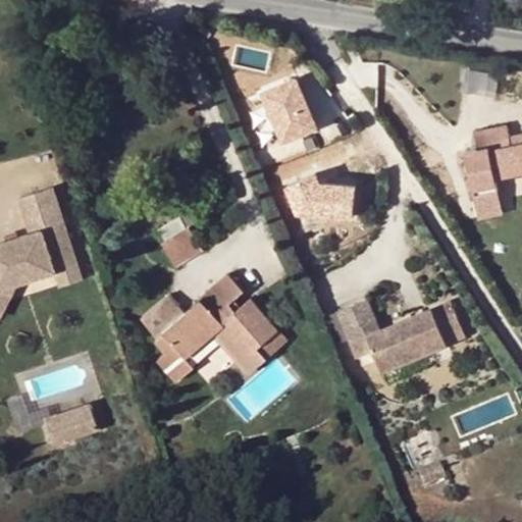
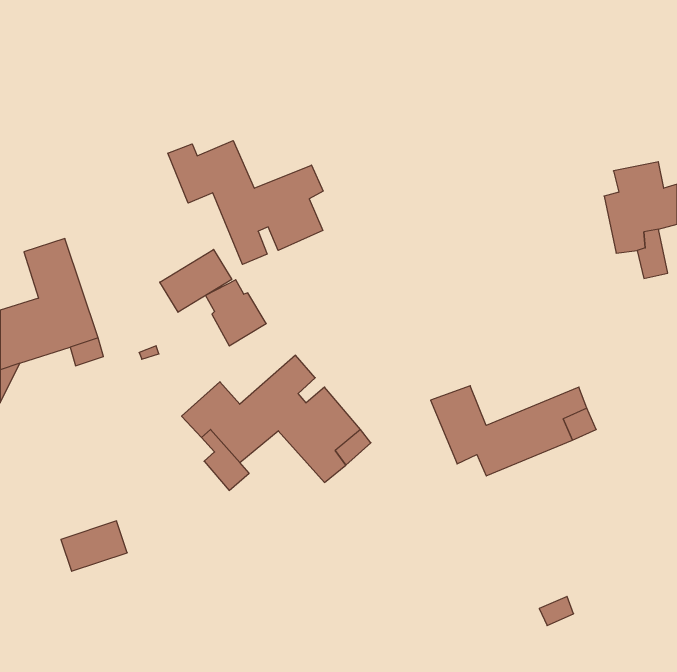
building: [265,82,317,143] -> none
building: none -> [168,141,323,264]
building: [288,176,357,220] -> none
building: none -> [160,249,232,312]

